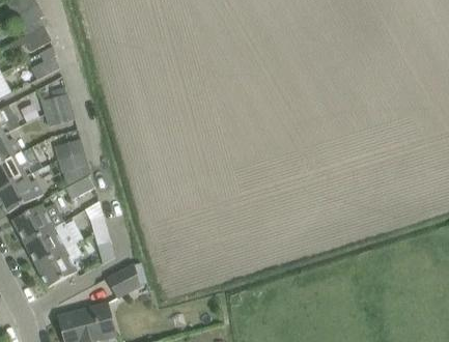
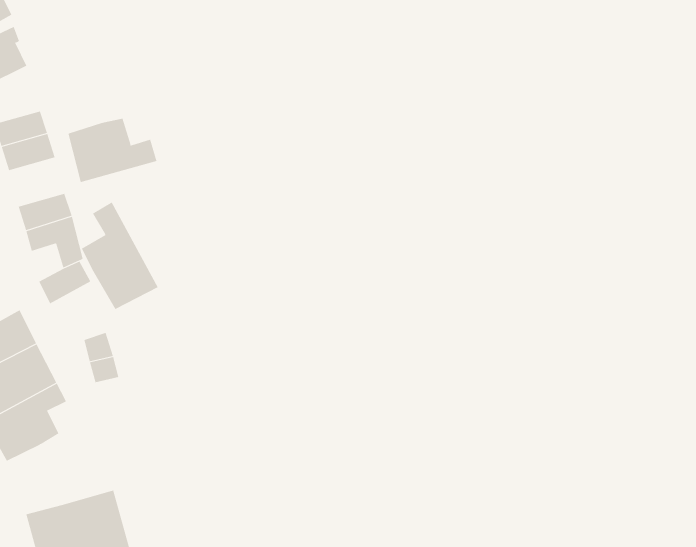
building: none -> [68,118,157,183]
building: none -> [81,202,159,310]
building: [107,261,145,296] -> none

